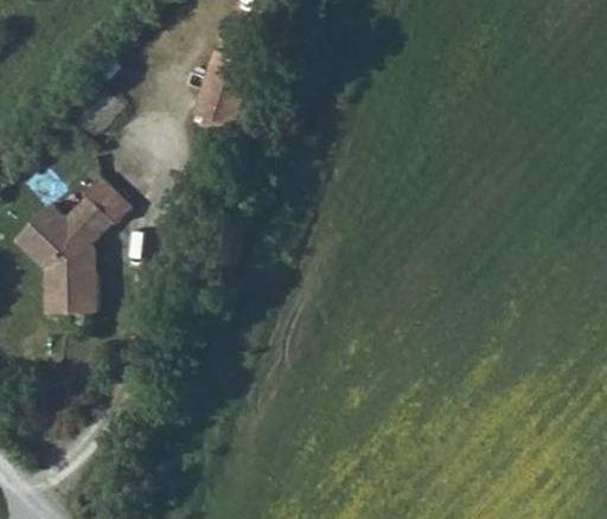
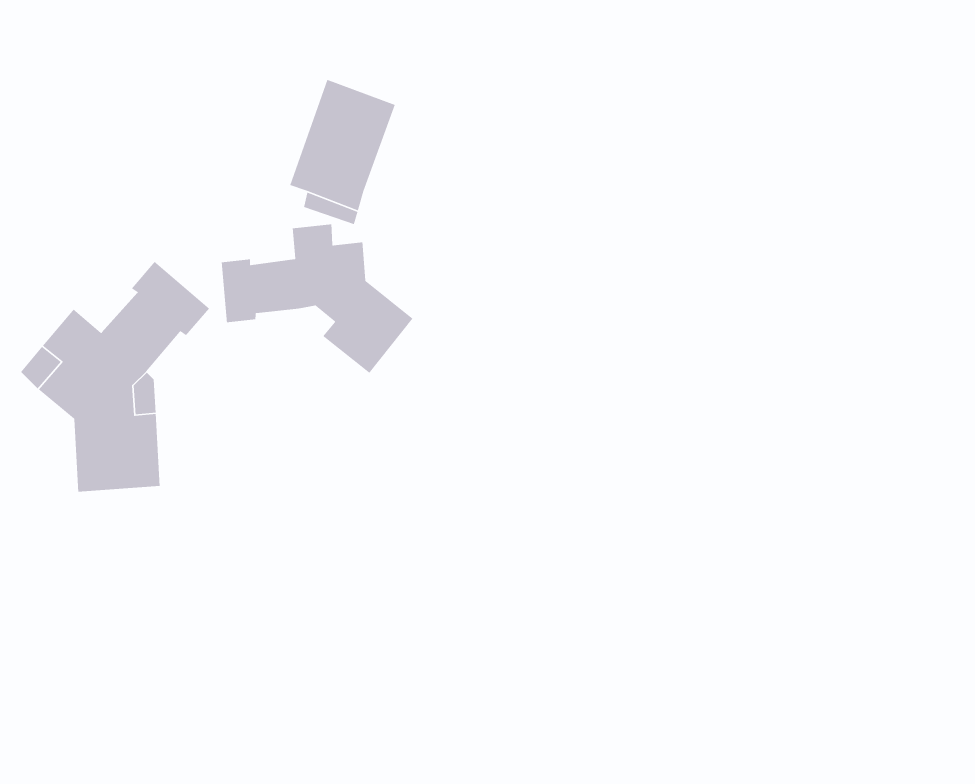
building: none -> [221,223,413,374]

